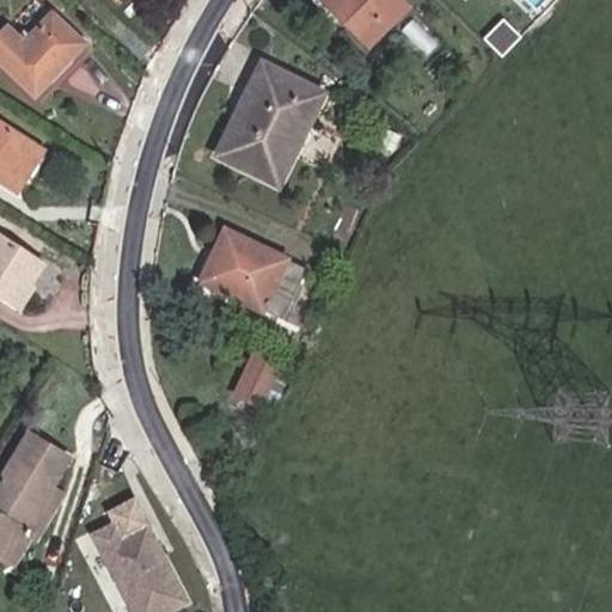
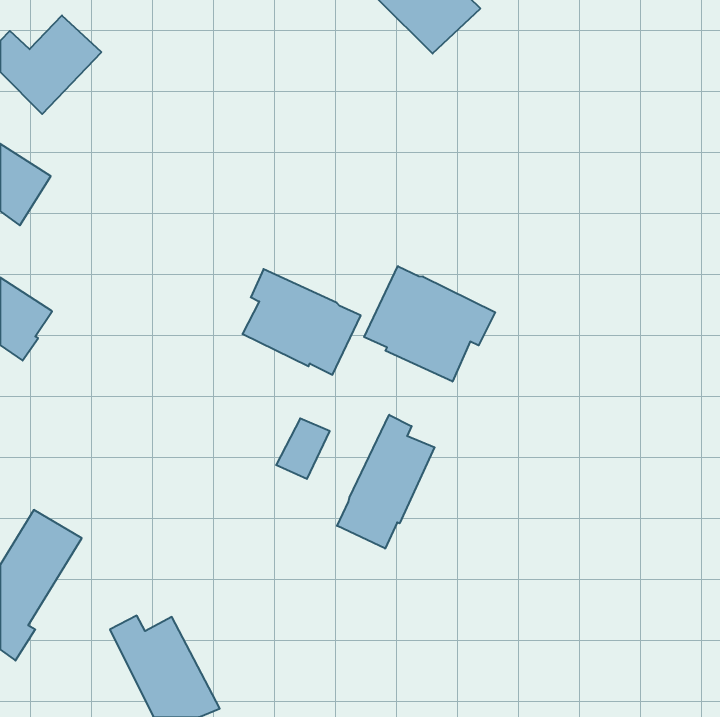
building: [218,62,324,184] -> none
building: none -> [364,266,495,382]
building: none -> [337,415,435,549]

